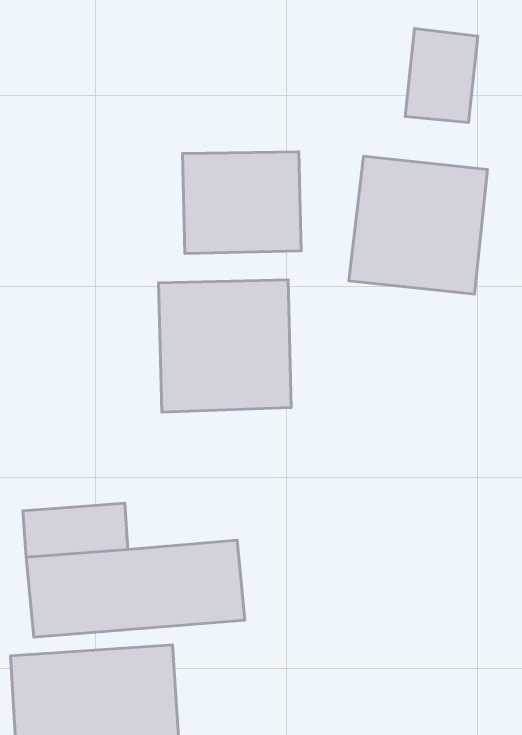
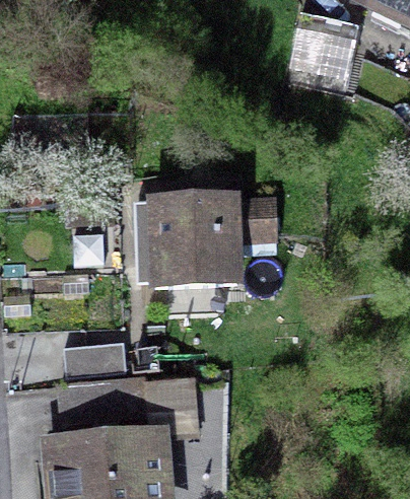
building: [182,152,301,254] -> none
building: [349,156,488,294] -> none

